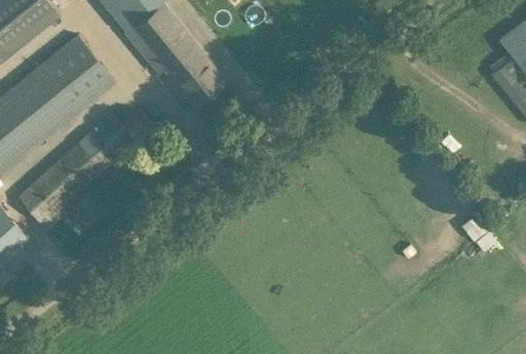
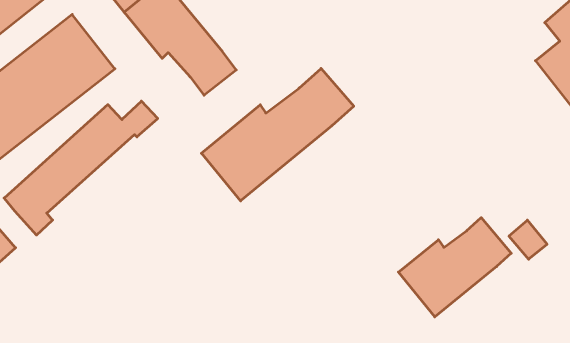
building: none -> [201,68,354,201]
building: none -> [398,218,511,317]

